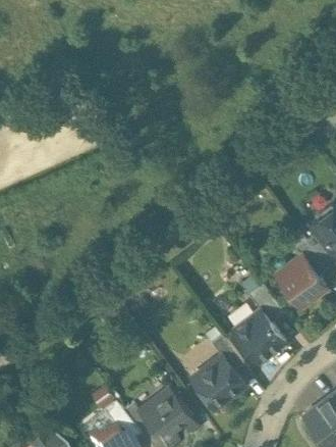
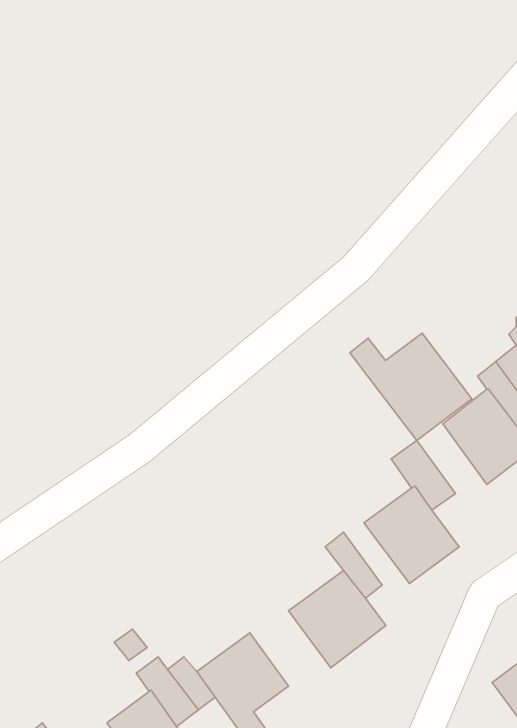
building: none -> [350,333,472,441]

